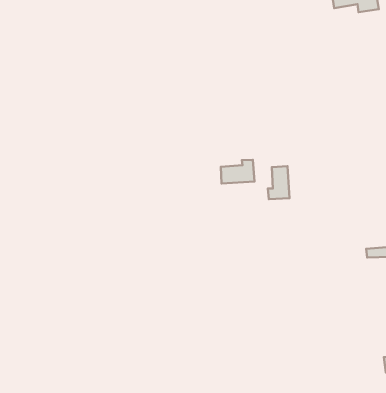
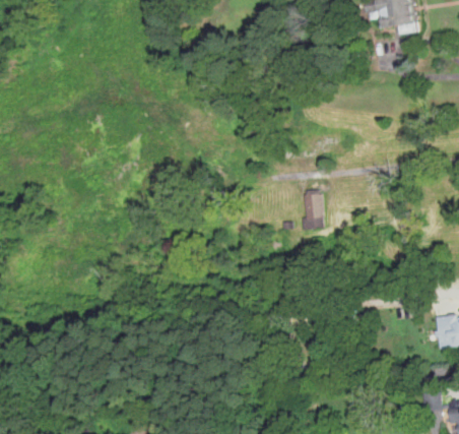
building: [221,160,254,184] -> none

